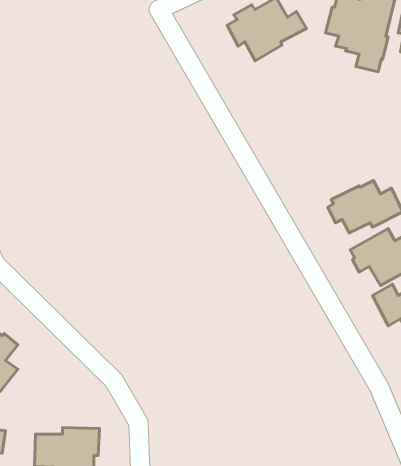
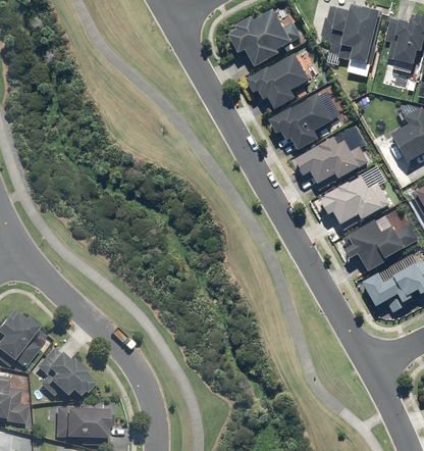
building: none -> [248,53,312,109]
building: none -> [271,93,335,149]
building: none -> [295,136,370,184]
building: none -> [36,347,95,397]

